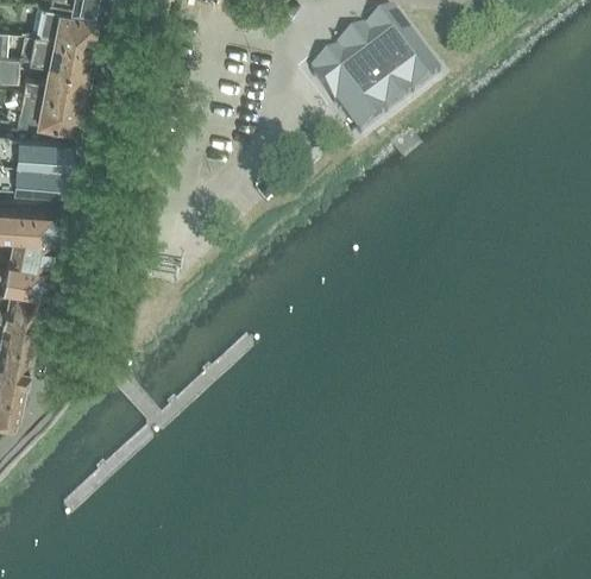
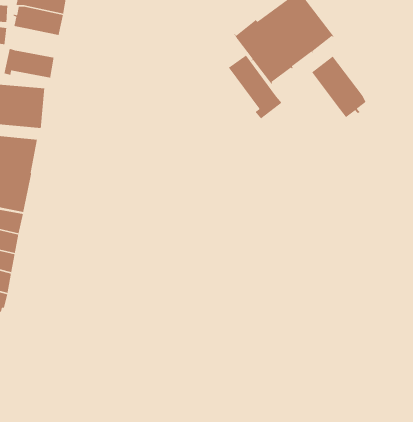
building: [17,65,81,101] -> none
building: none -> [228,55,283,120]
building: none -> [311,56,366,118]

